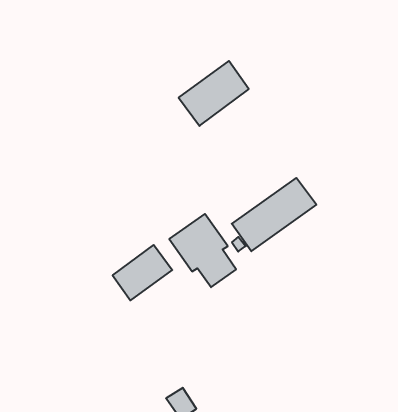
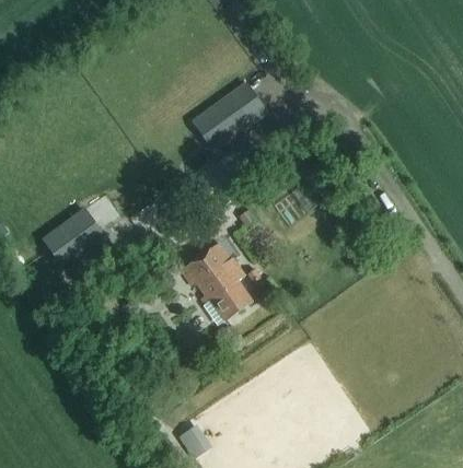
building: [232,178,316,251] -> none
building: [113,245,172,300] -> [43,208,105,266]

